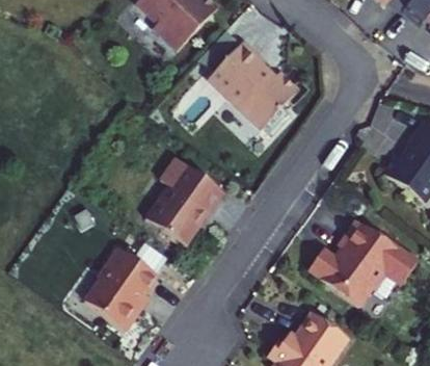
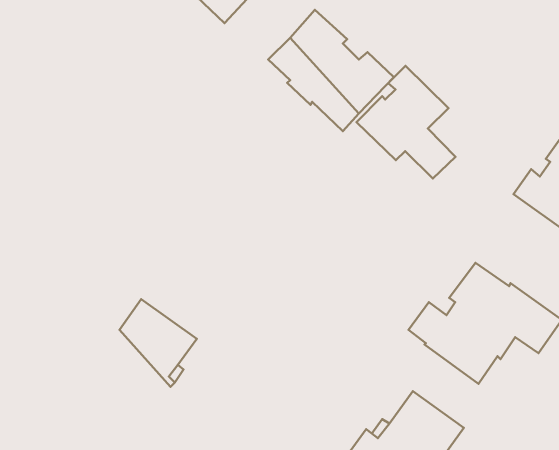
building: none -> [357,66,456,178]
building: [145,157,223,245] -> none
building: [85,268,139,329] -> none

